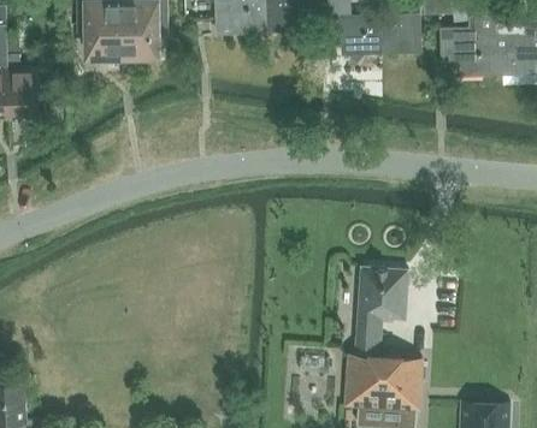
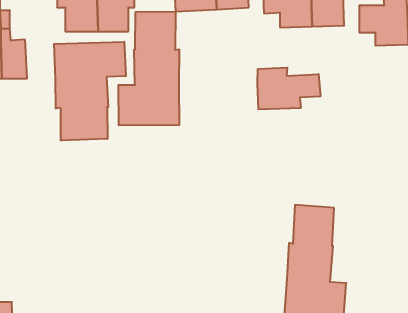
building: none -> [118,11,179,125]
building: none -> [54,42,126,141]
building: none -> [258,68,320,109]

